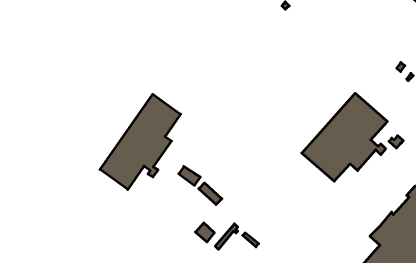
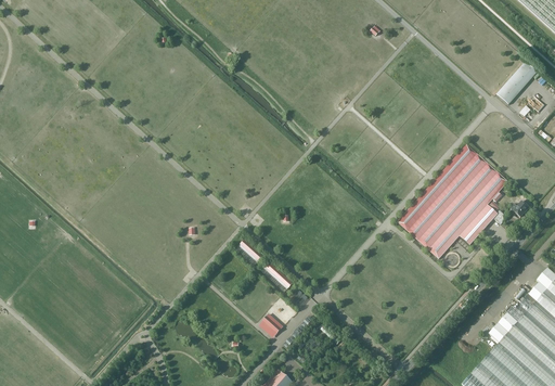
building: none -> [499,59,539,102]
building: [100,94,181,190] -> none

